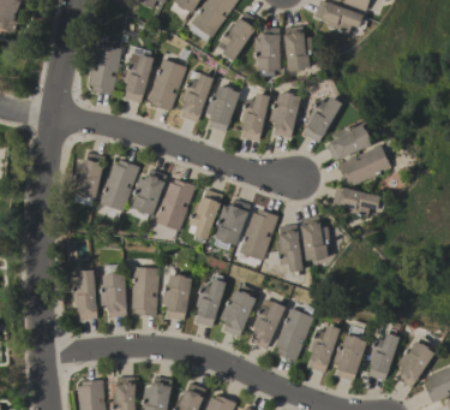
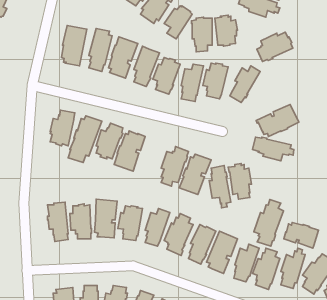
building: [326,123,372,160] -> [257,32,293,61]
building: [190,189,223,238] -> none
building: none -> [254,200,283,246]
building: none -> [284,222,319,248]

